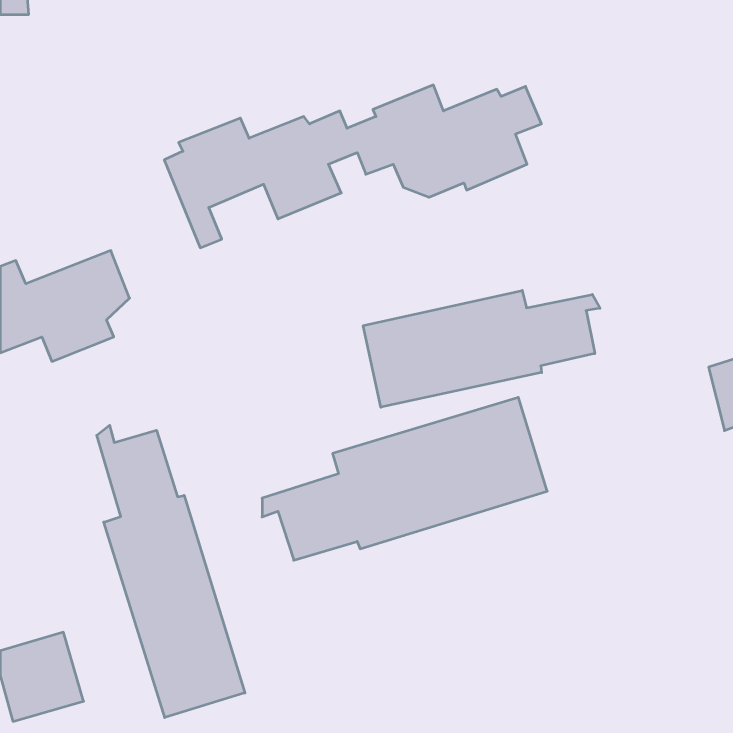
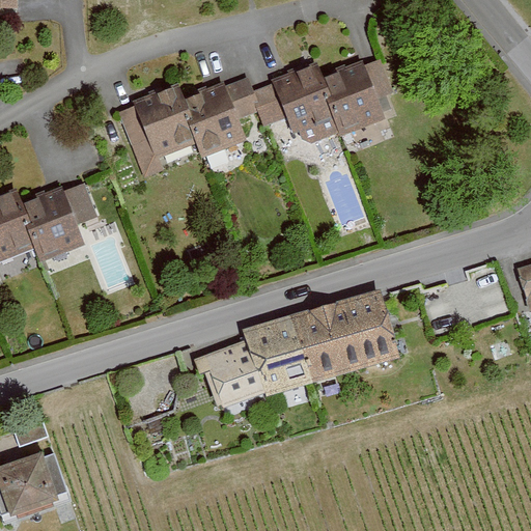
building: [363,290,600,407] -> none
building: [97,425,245,718] -> none

